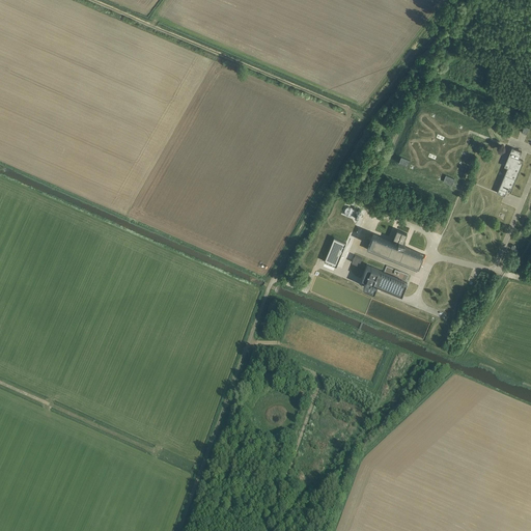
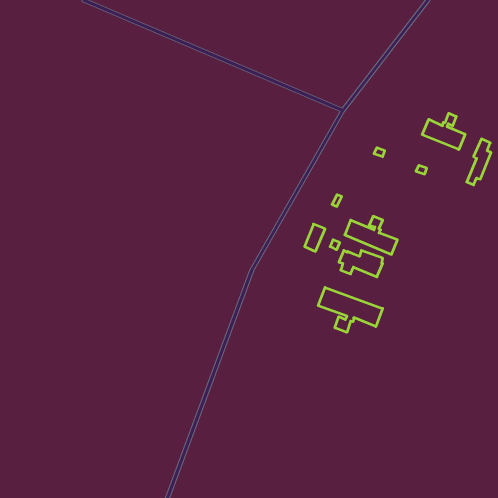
building: none -> [422,113,465,150]
building: none -> [318,287,383,332]

